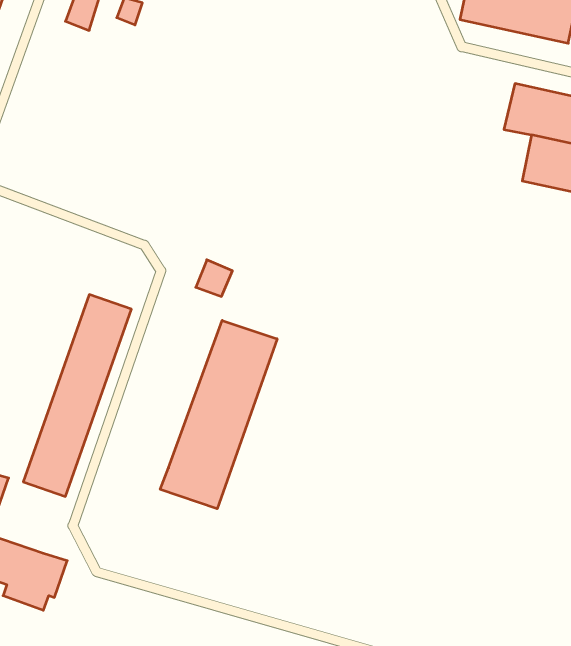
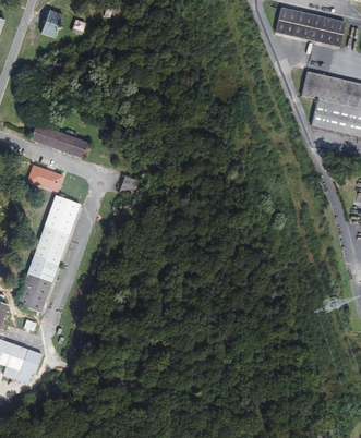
building: none -> [29,123,88,157]
building: none -> [26,165,63,192]
building: [160,320,277,509] -> none

